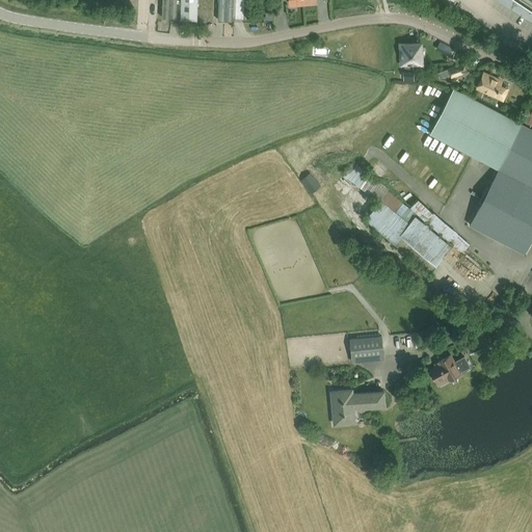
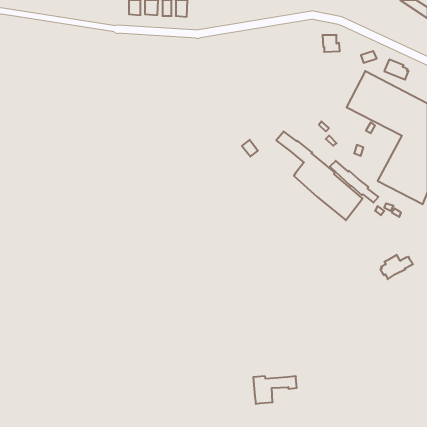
building: [350,338,384,361] -> none
building: [430,356,471,387] -> [380,255,413,279]
building: [331,392,385,426] -> [253,376,297,404]

